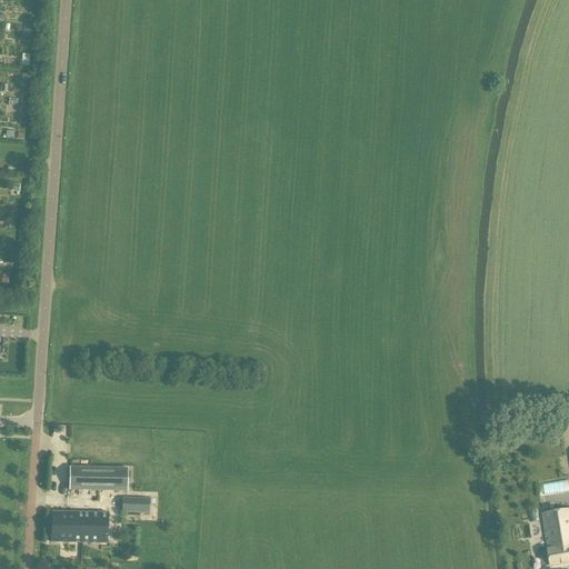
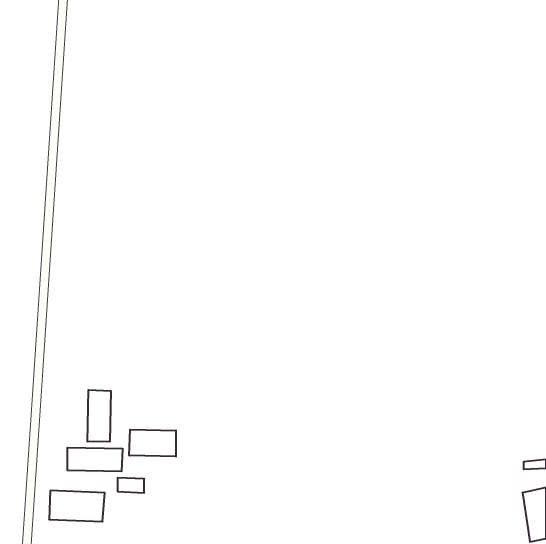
building: none -> [87,390,111,442]
building: none -> [129,430,176,457]

